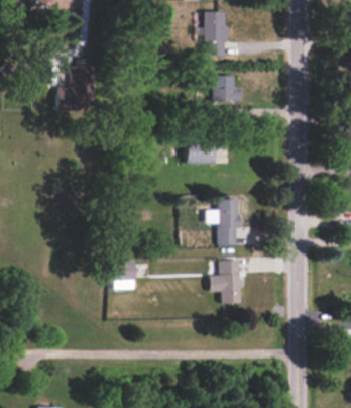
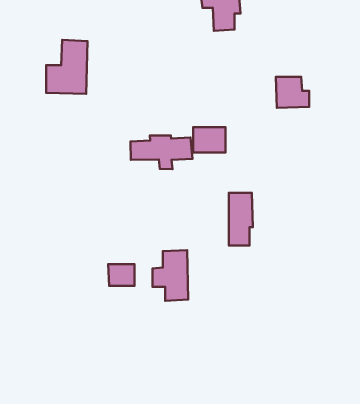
building: [211,75,240,102] -> [276,77,309,108]
building: none -> [131,135,193,169]
building: [210,259,241,303] -> [153,250,188,301]

